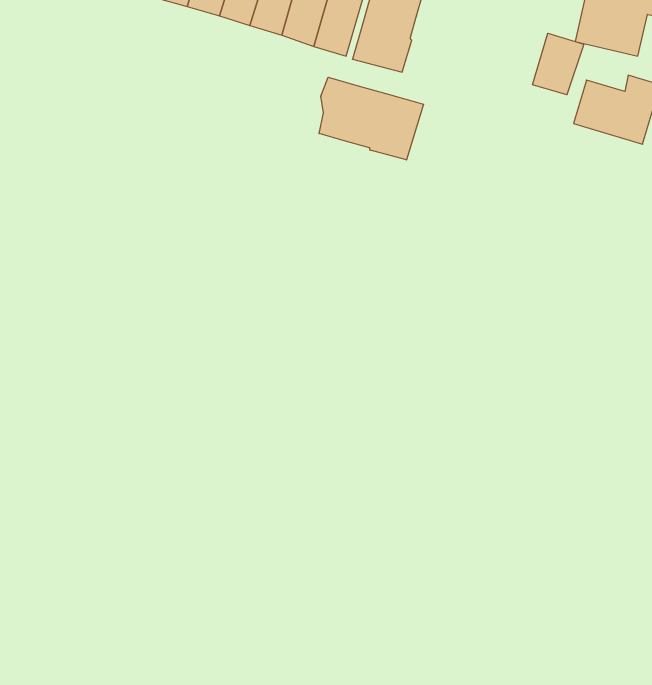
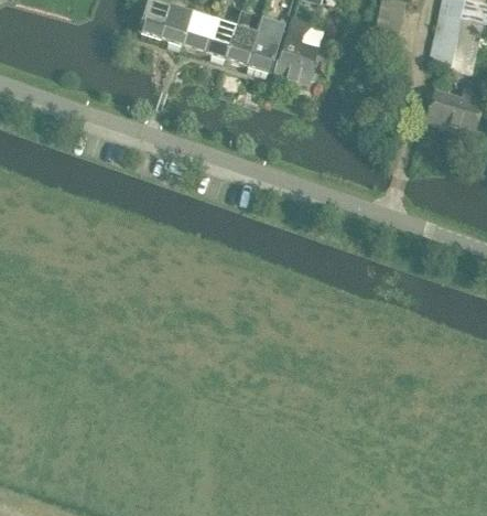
building: [533,33,584,95] -> none
building: [319,77,424,160] -> none

